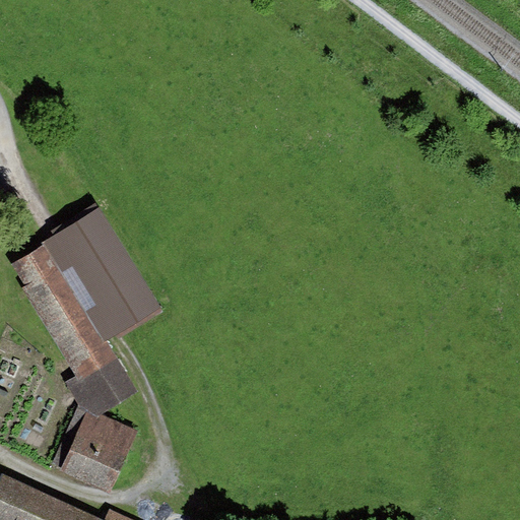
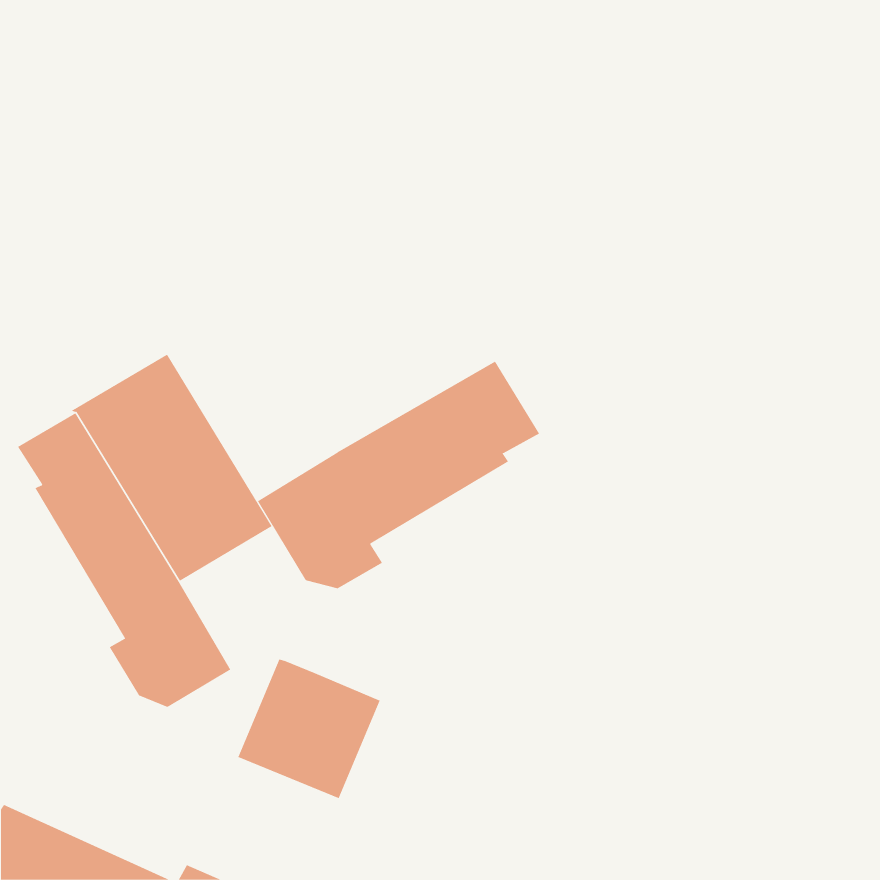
building: none -> [257,361,540,589]
building: [54,408,138,491] -> [237,659,381,799]

